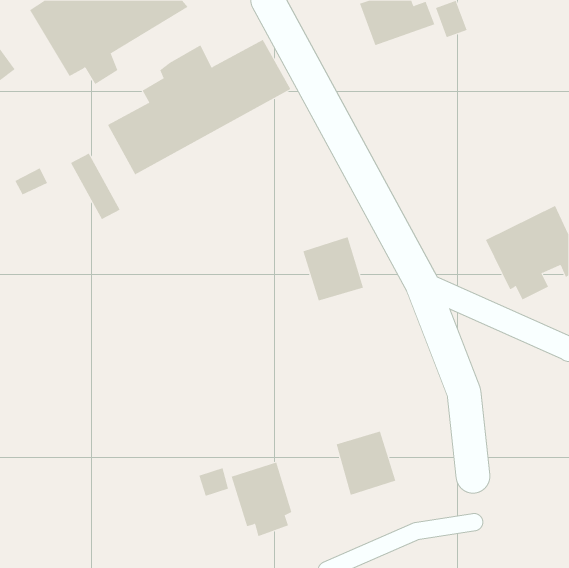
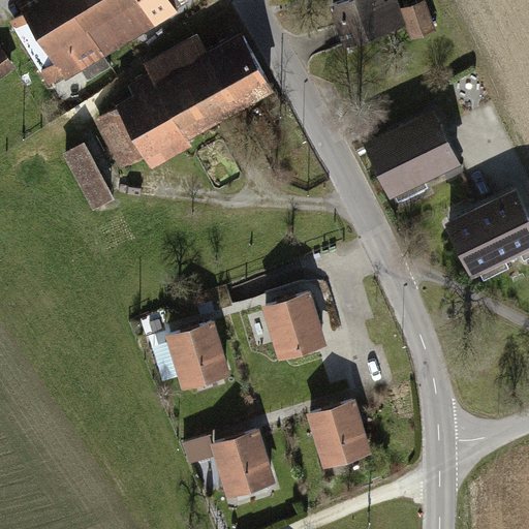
building: none -> [368,114,461,201]
building: [302,237,364,301] -> [266,292,322,352]
building: none -> [153,322,225,382]

